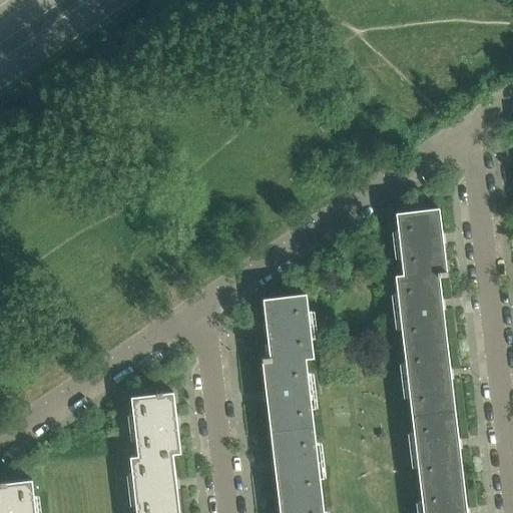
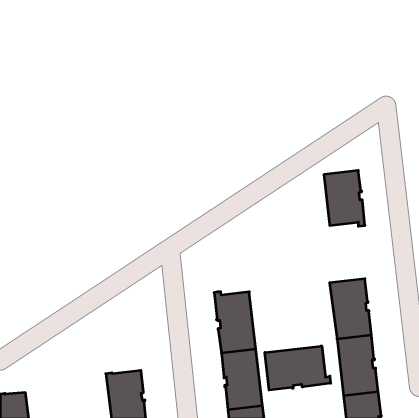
building: [395,273,446,347] -> none
building: [263,295,313,362] -> none
building: [131,393,180,458] -> none
building: none -> [265,346,331,390]

